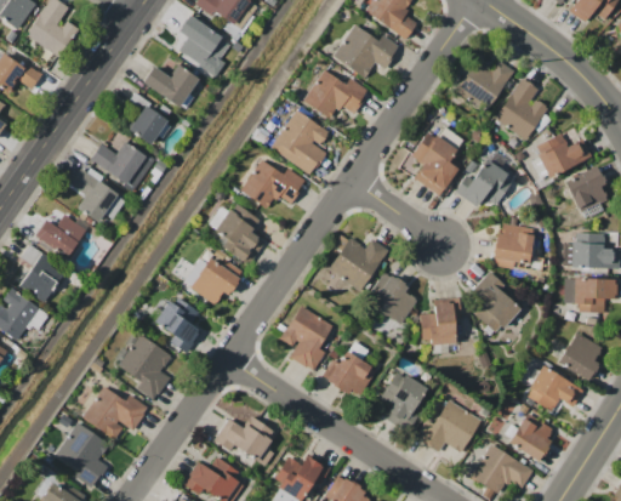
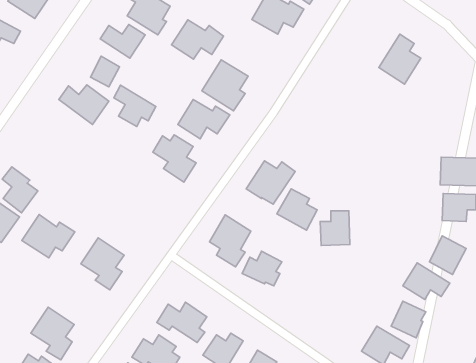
building: [456,56,512,107] -> none
building: [302,69,368,119] -> [172,20,223,59]
building: [411,131,458,195] -> none
building: [534,133,591,177] -> none
building: [455,158,513,206] -> none
building: [564,165,609,215] -> none
building: [70,170,124,222] -> [114,85,156,127]
building: [34,214,87,258] -> none
building: [492,222,534,268] -> none
building: [182,255,244,304] -> none
building: [471,271,519,334] -> none
building: [154,294,200,352] -> none
building: [380,370,428,431] -> none
building: [81,385,148,439] -> [22,214,75,258]
building: [416,399,480,452] -> none

